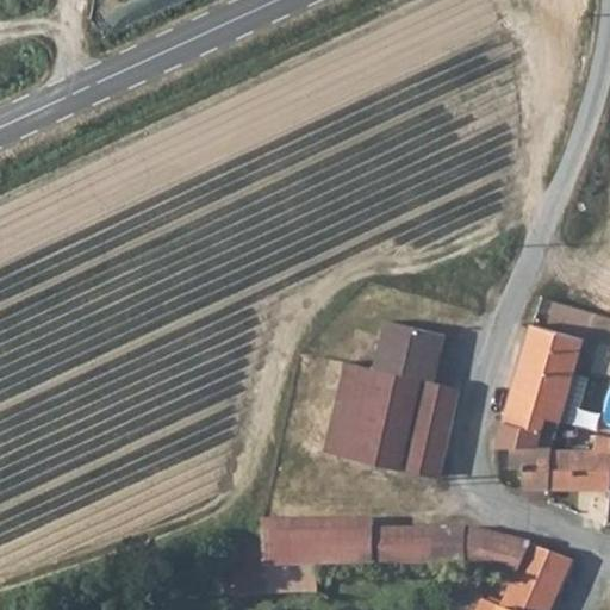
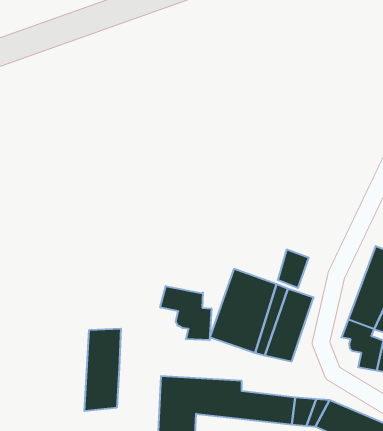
building: [379,329,416,376] -> none
building: none -> [160,286,212,340]
building: none -> [84,329,121,411]

